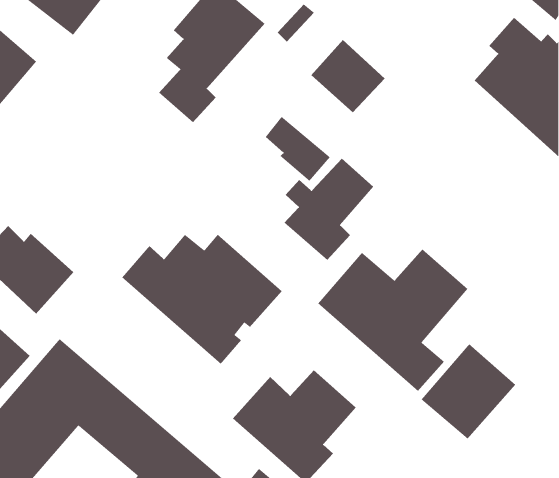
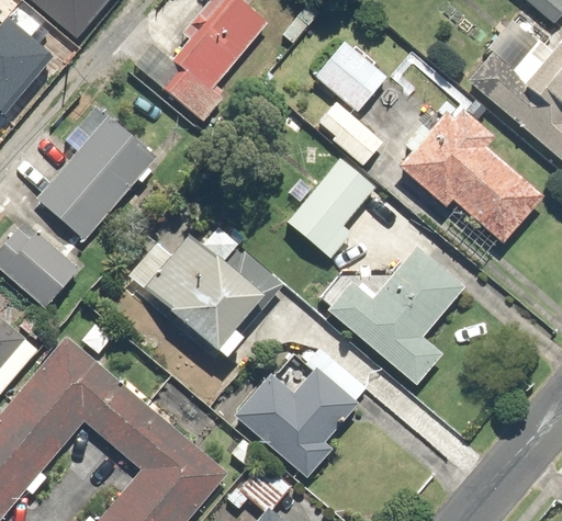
building: none -> [402,103,544,245]
building: none -> [37,106,156,239]
building: [265,116,331,182] -> [317,102,382,167]
building: [420,343,516,440] -> none

